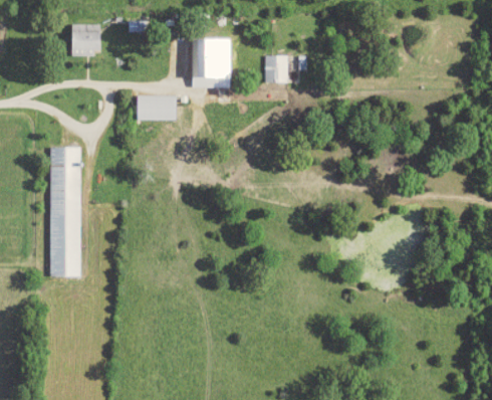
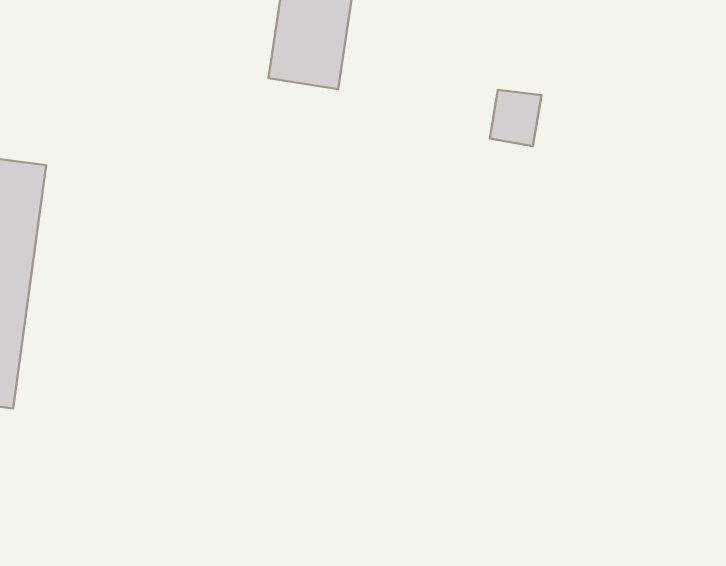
building: [265,55,289,82] -> [490,90,541,146]
building: [136,95,178,120] -> none

